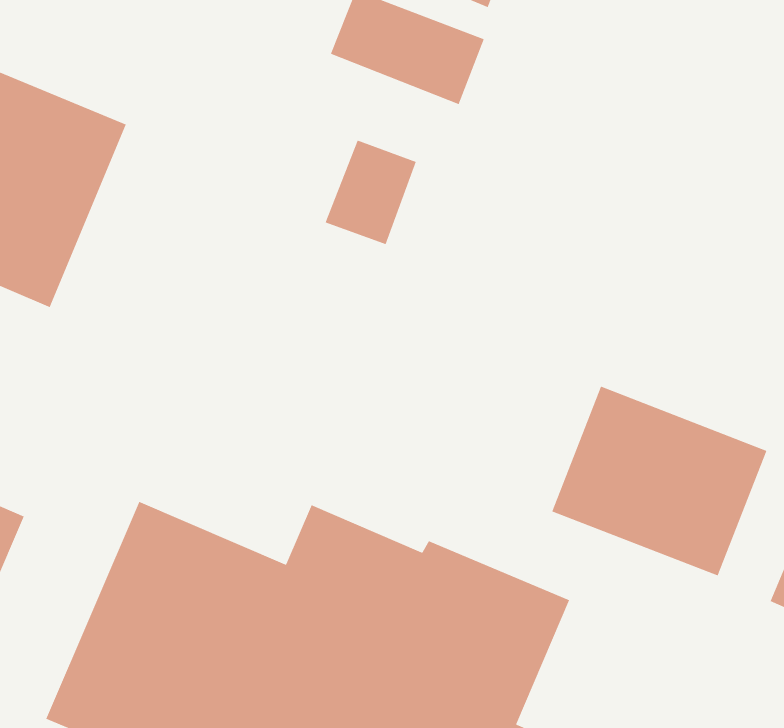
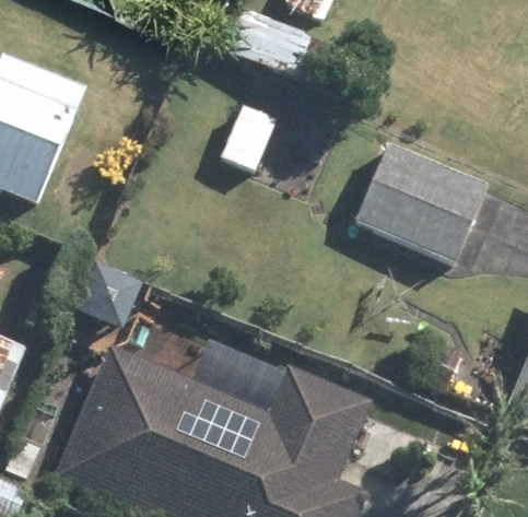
building: [551,386,768,577] -> [353,140,492,262]

